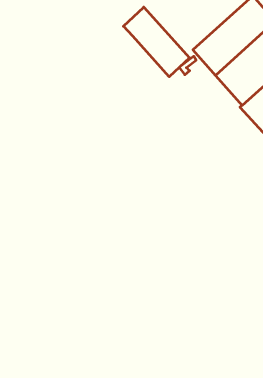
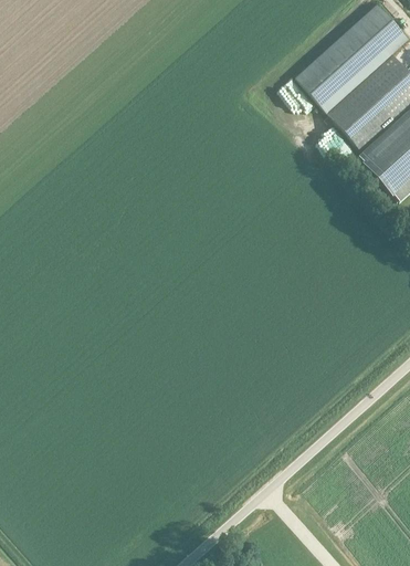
building: [123,7,190,77] -> none

